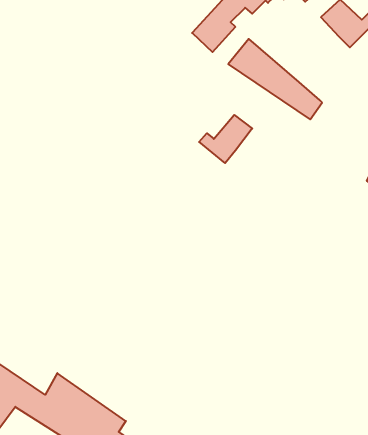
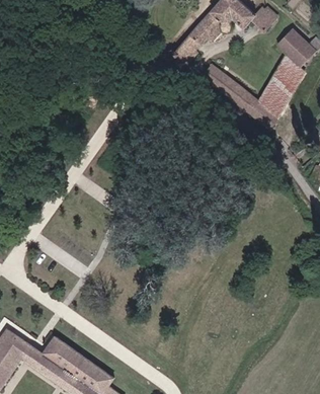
building: none -> [259,55,307,108]
building: [199,115,252,163] -> none

